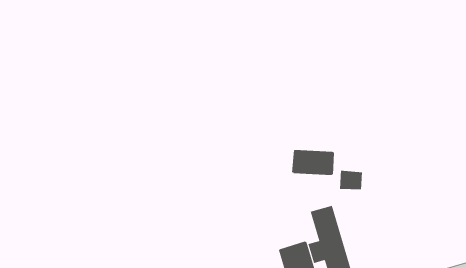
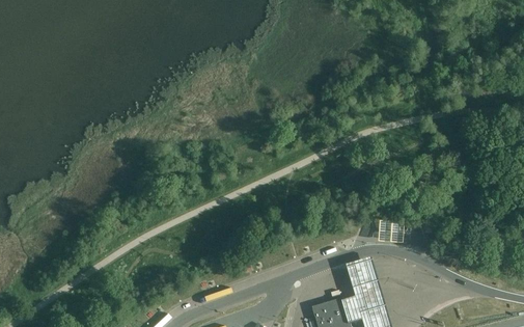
building: [291,149,334,176] -> none

